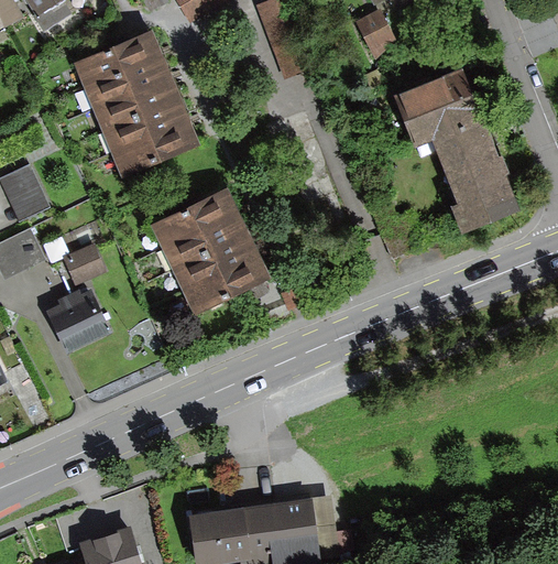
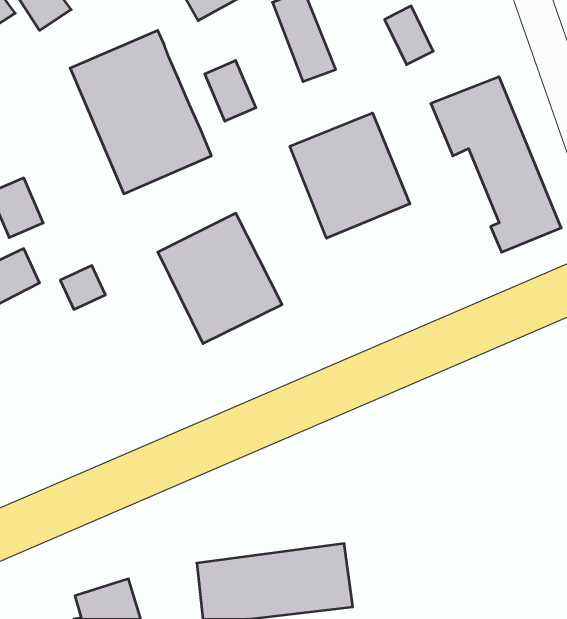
building: none -> [205,60,256,121]
building: none -> [290,113,410,238]
building: [47,289,112,355] -> none

